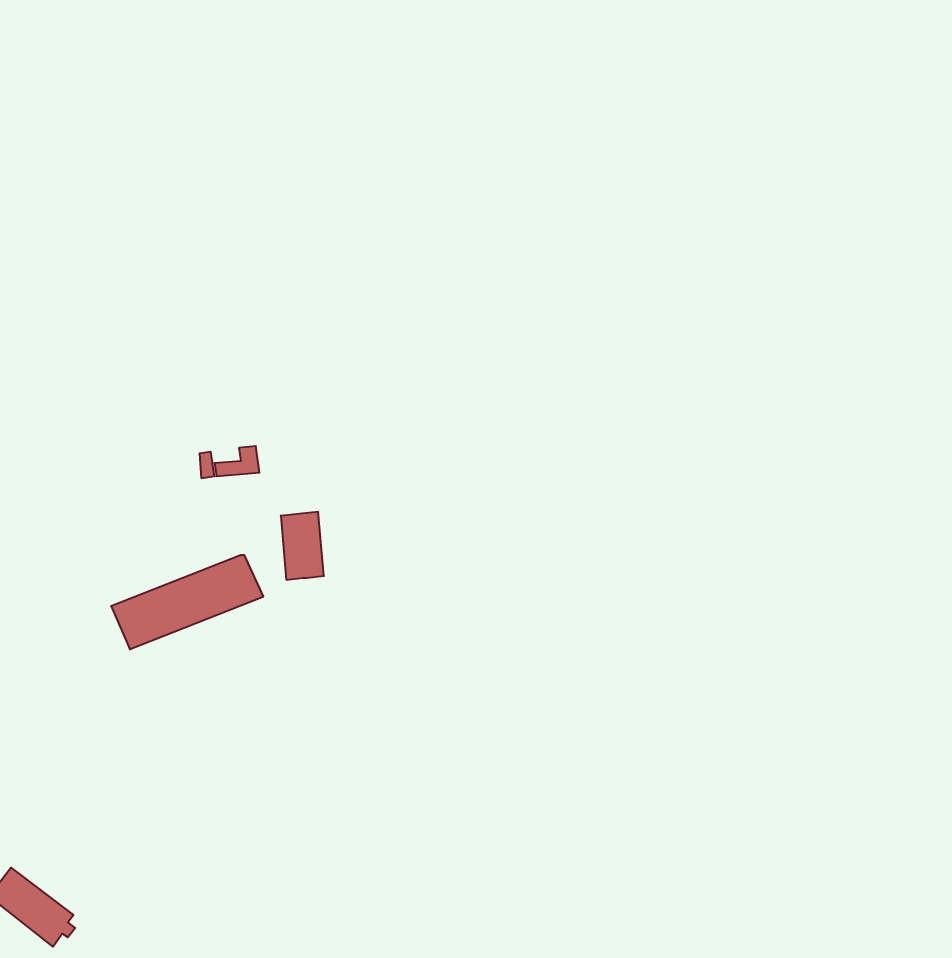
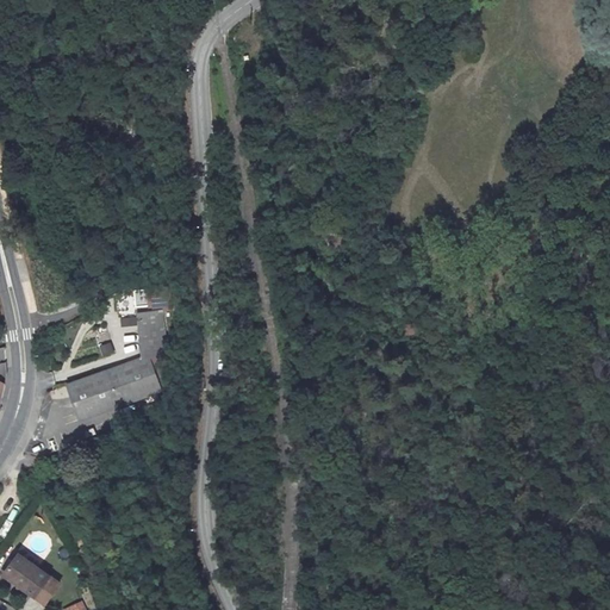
building: [281,512,324,580] -> [138,310,166,353]

